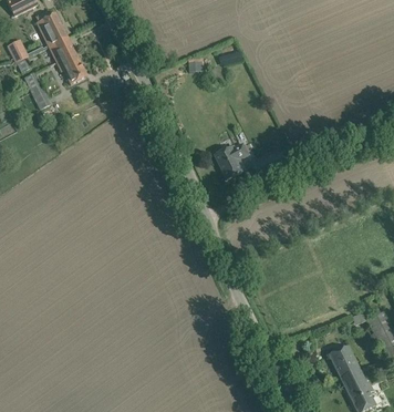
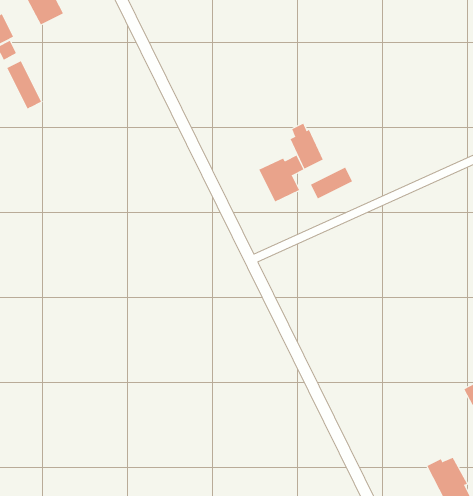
building: [50,37,86,83] -> none
building: none -> [290,123,324,170]
building: [329,344,360,377] -> none

